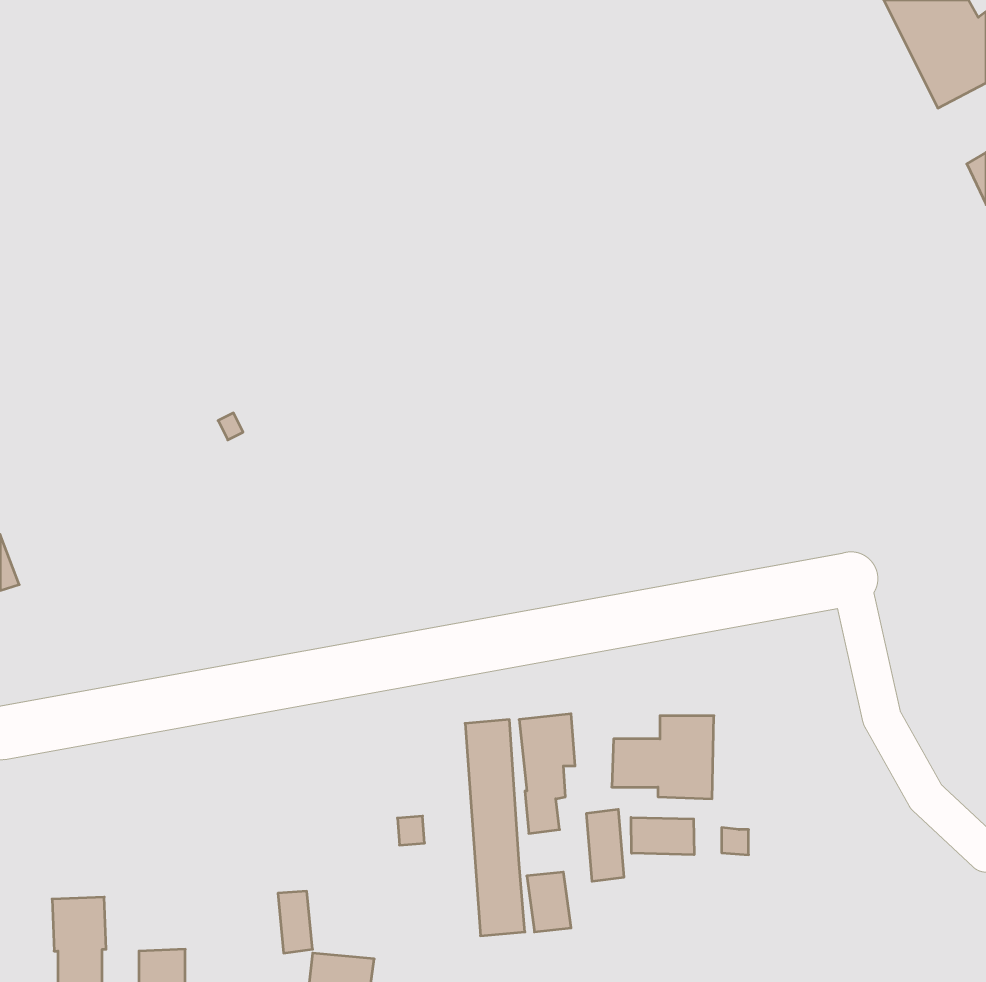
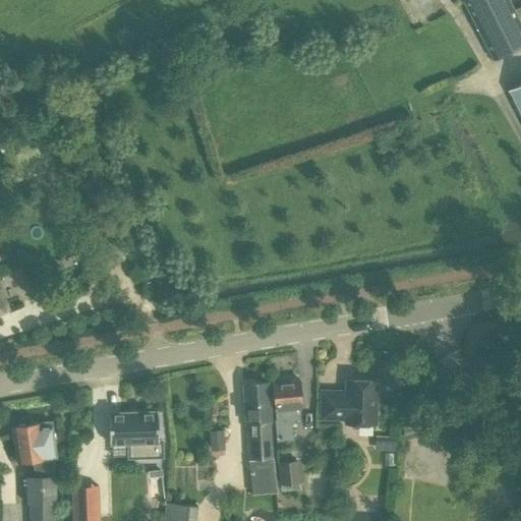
building: none -> [108,414,162,460]
building: none -> [14,420,57,462]
building: [587,809,624,881] -> none
building: [631,817,694,855] -> none

